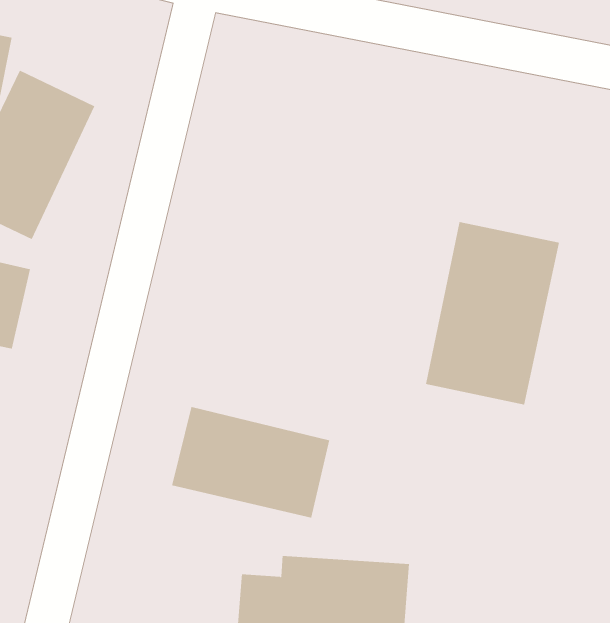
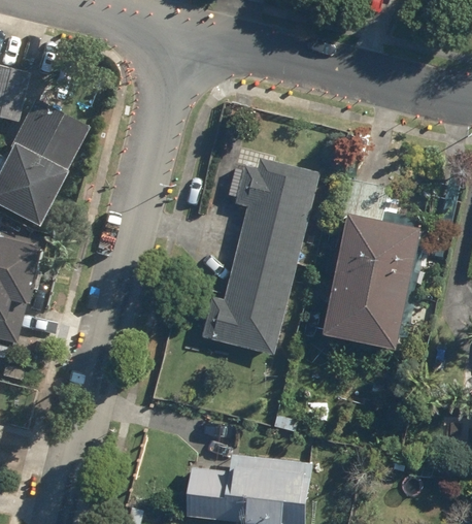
building: none -> [197,161,317,359]
building: [172,406,330,519] -> none

